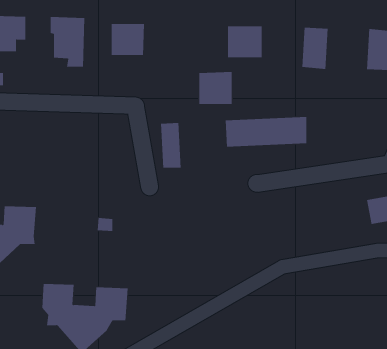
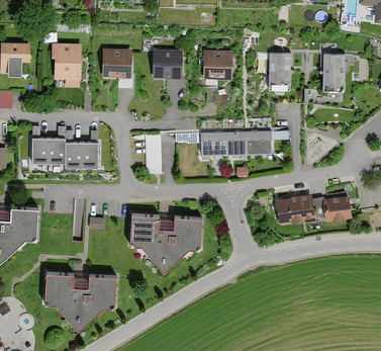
building: [199,72,233,104] -> [155,50,184,78]
building: none -> [35,136,99,163]
building: none -> [277,194,316,225]
building: none -> [129,213,204,274]

